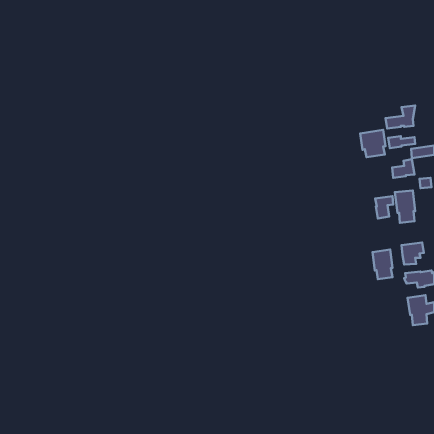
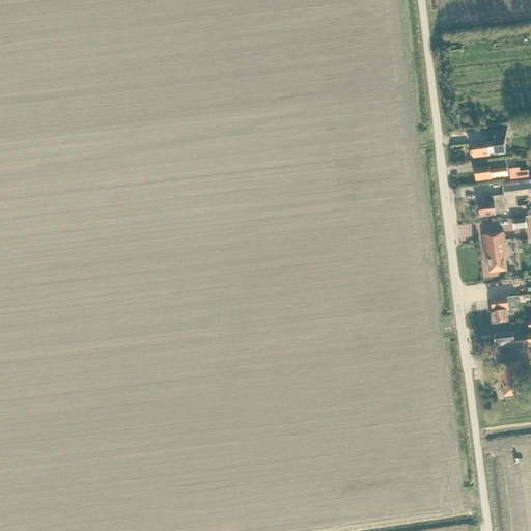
building: [360,130,385,157] -> none
building: [375,196,393,219] -> none
building: [372,249,393,279] -> none

